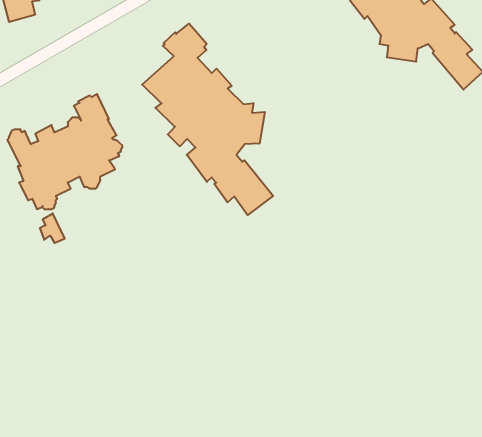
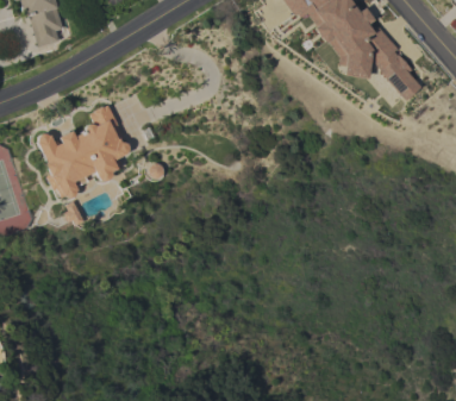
building: [142,24,273,215] -> none

